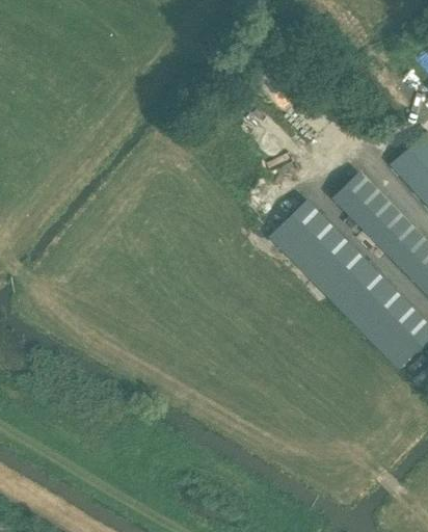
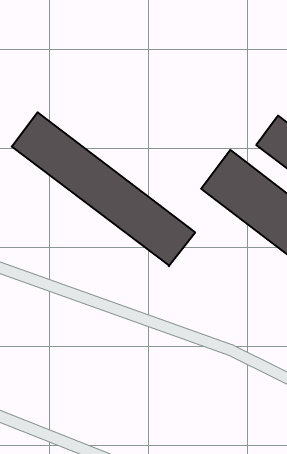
building: none -> [12,112,195,266]

